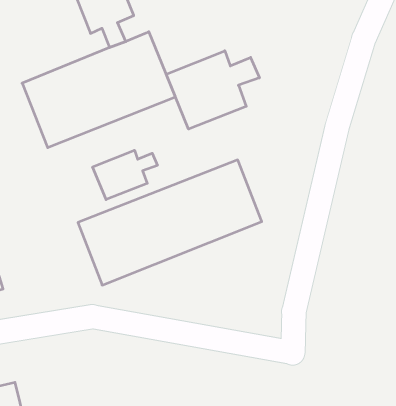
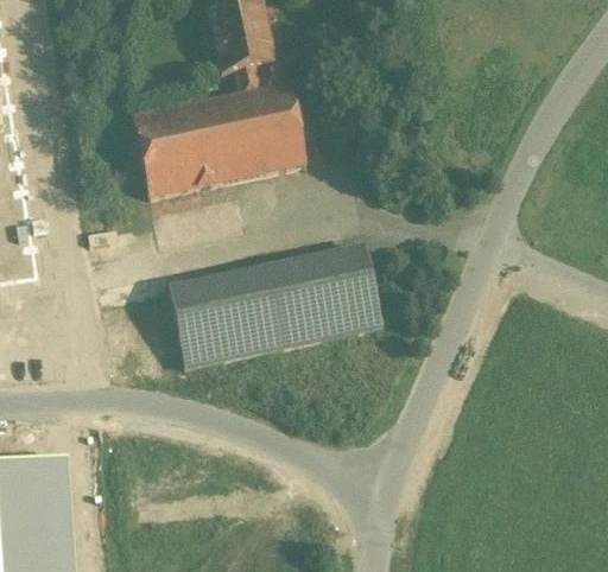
building: [166,51,259,129] -> none
building: [93,150,157,200] -> none

